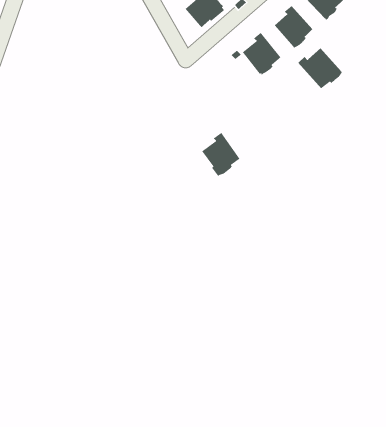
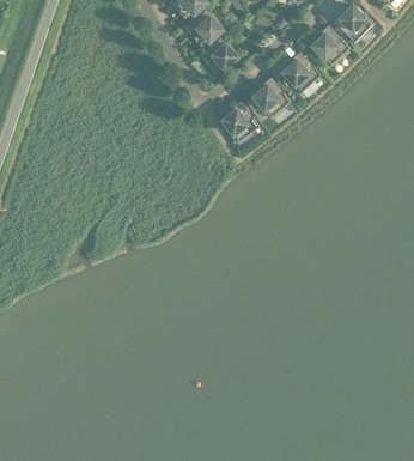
building: [298,47,343,89] -> none
building: [201,132,241,177] -> [221,101,258,142]

